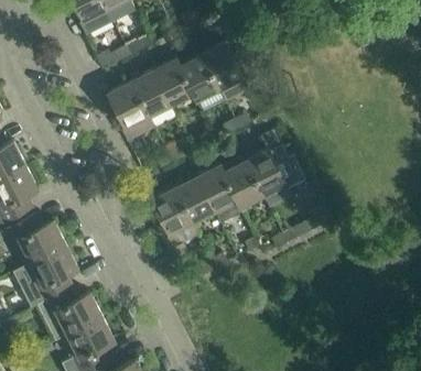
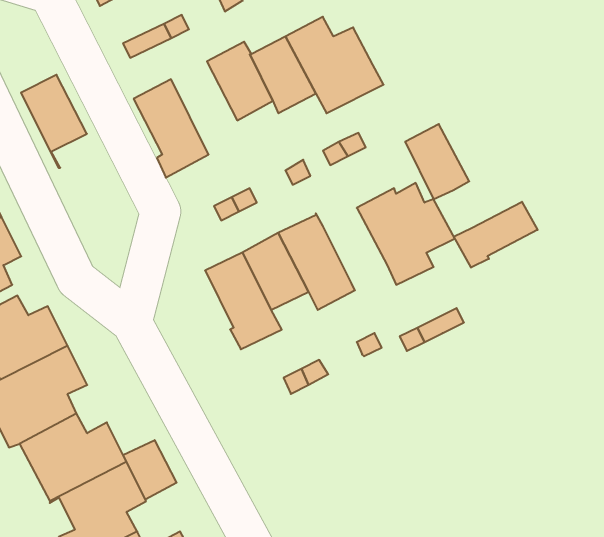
building: [131,69,172,127] -> [21,75,87,168]
building: none -> [454,202,538,268]
building: [225,160,265,206] -> [405,124,469,199]
building: none -> [123,440,177,499]

